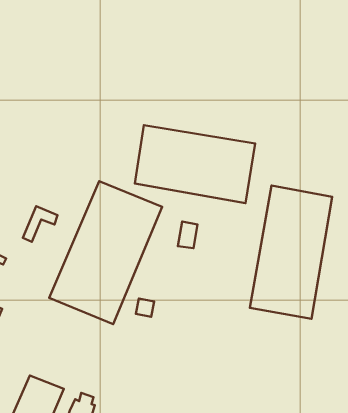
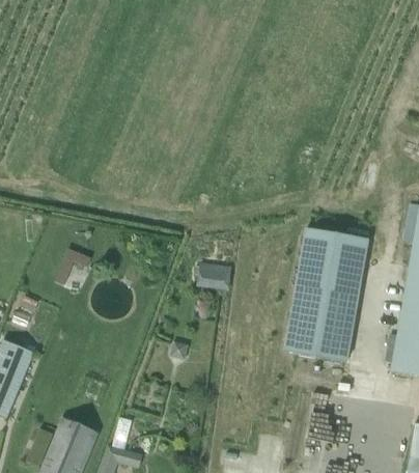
building: [135,125,255,203] -> none
building: [49,181,162,324] -> none

